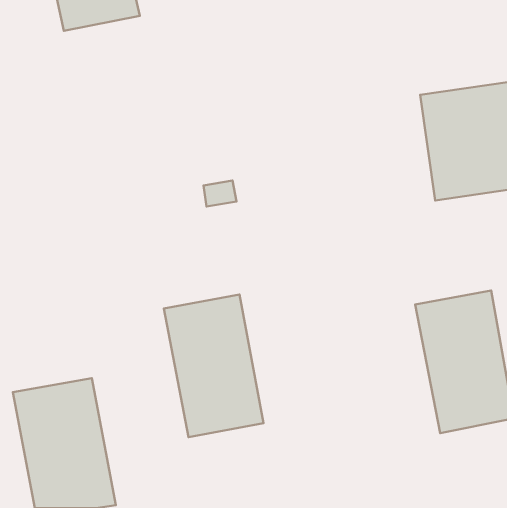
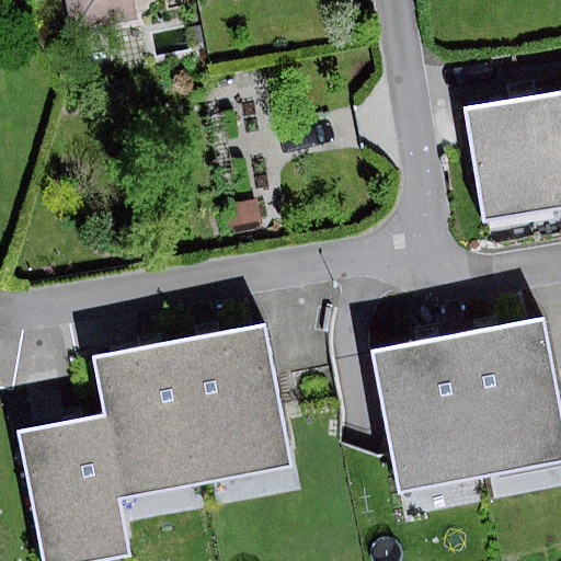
building: none -> [369,334,486,492]
building: none -> [93,339,210,496]

